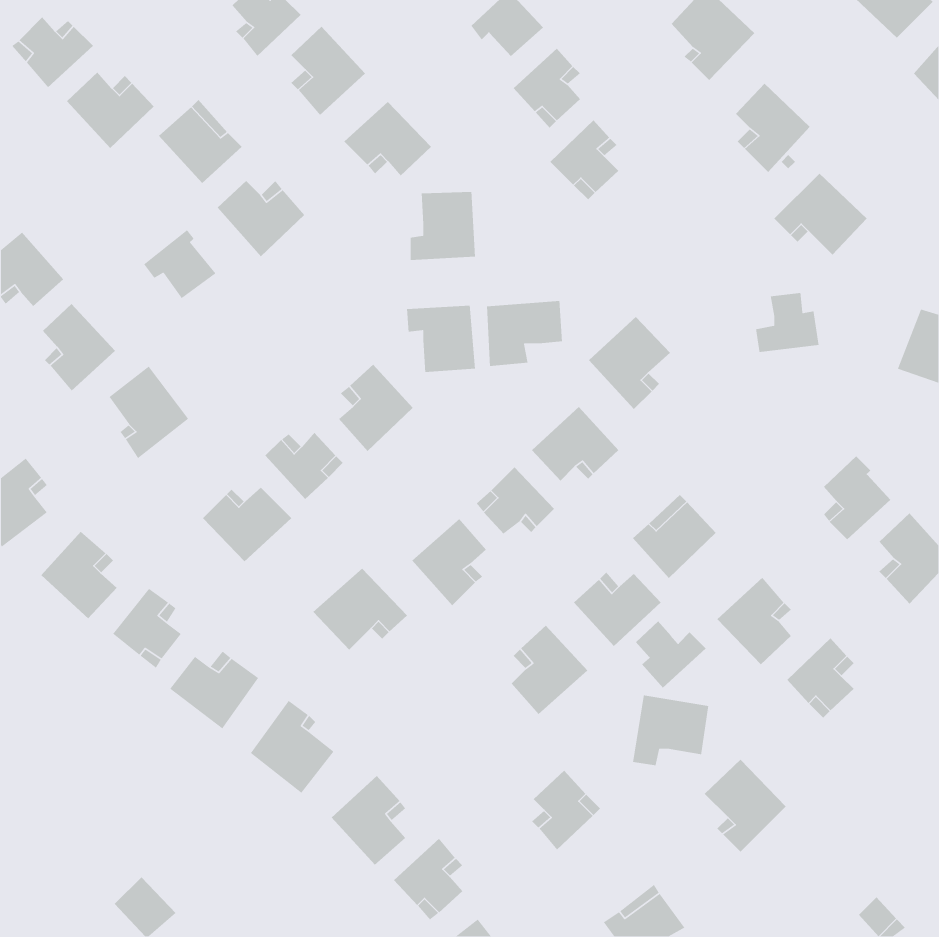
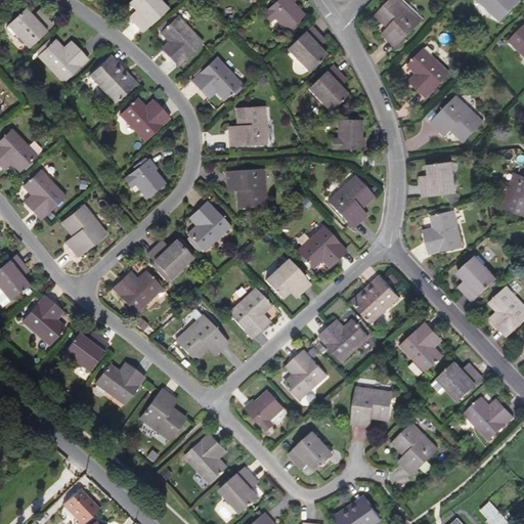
building: none -> [331,120,362,149]
building: [143,229,217,299] -> [125,159,166,198]
building: [486,300,563,367] -> none
building: none -> [426,209,464,254]
building: [635,620,706,689] -> none
building: none -> [246,389,285,430]
building: none -> [464,397,513,440]

